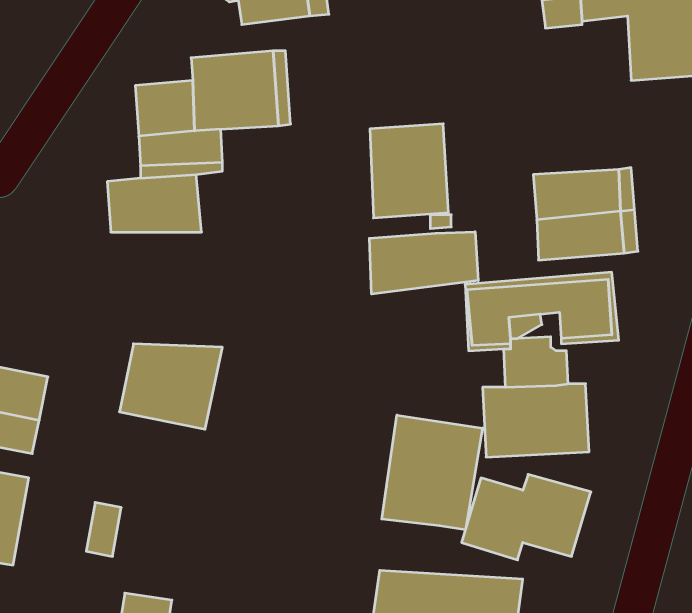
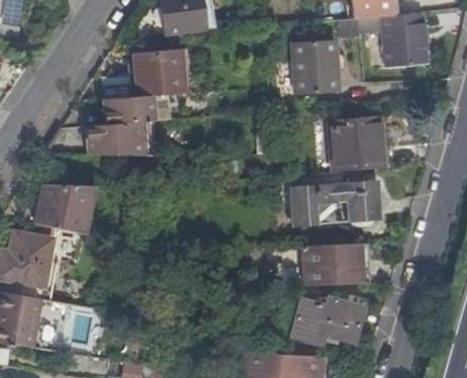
building: [370,124,448,218] -> [292,39,338,94]
building: [369,232,478,294] -> none
building: [119,344,222,429] -> [33,184,93,233]
building: [382,415,482,530] -> none

